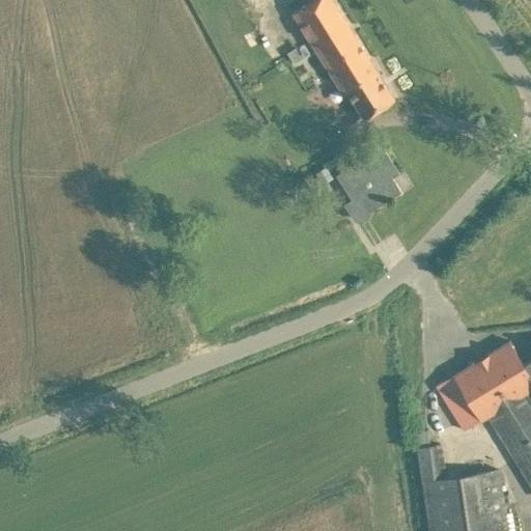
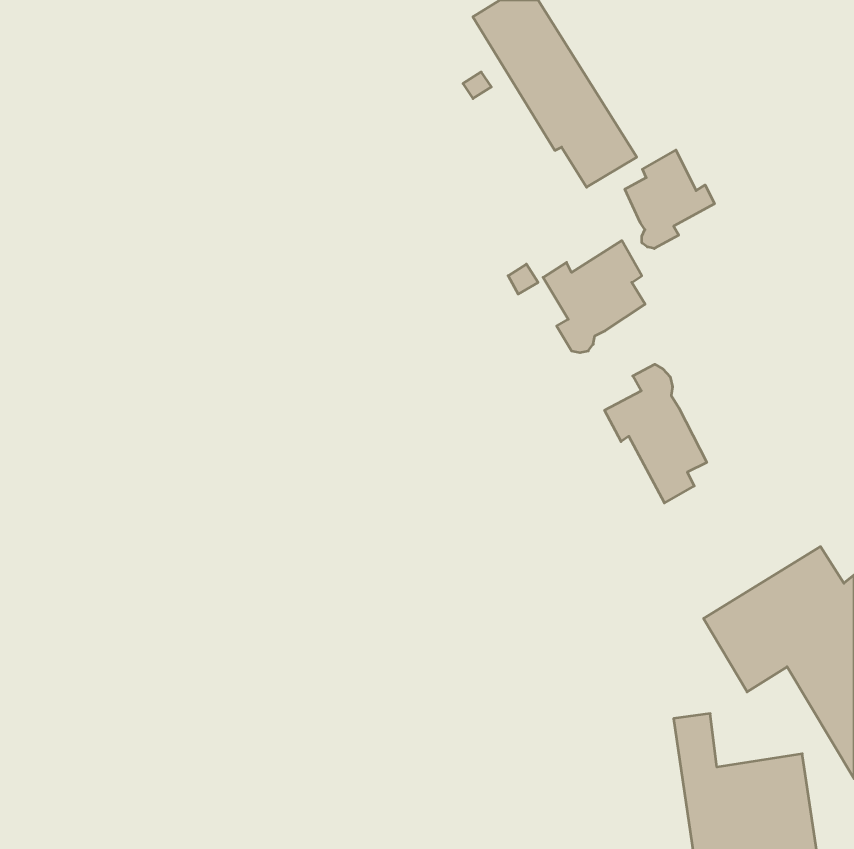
building: none -> [625,150,714,249]
building: none -> [605,364,707,503]

